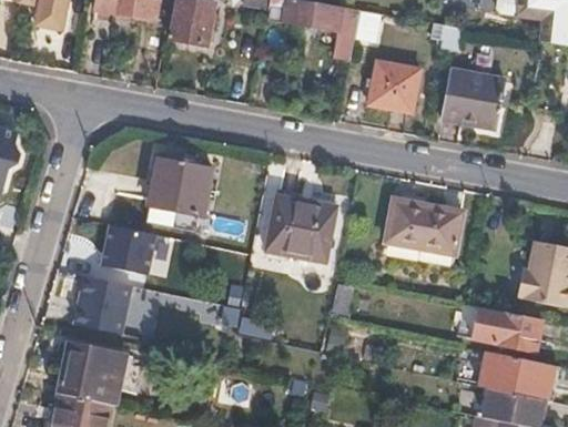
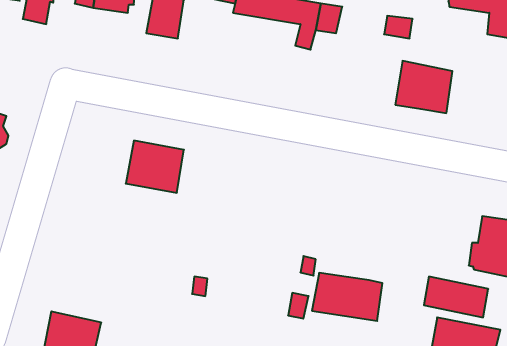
building: [368,62,417,113] -> none
building: [267,195,338,263] -> none
building: [388,201,465,253] -> [312,273,382,321]
building: [103,225,158,276] -> none
building: [77,277,134,335] -> none

